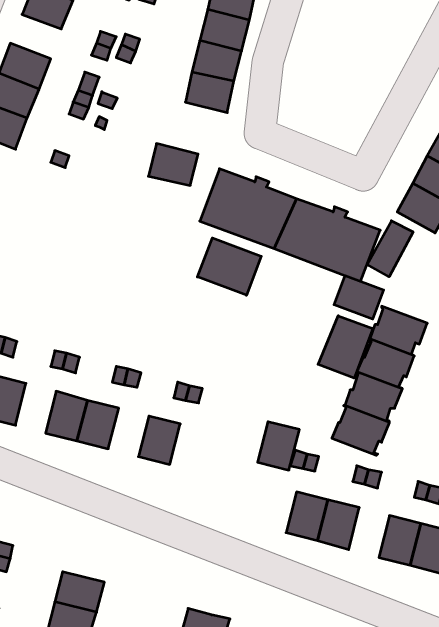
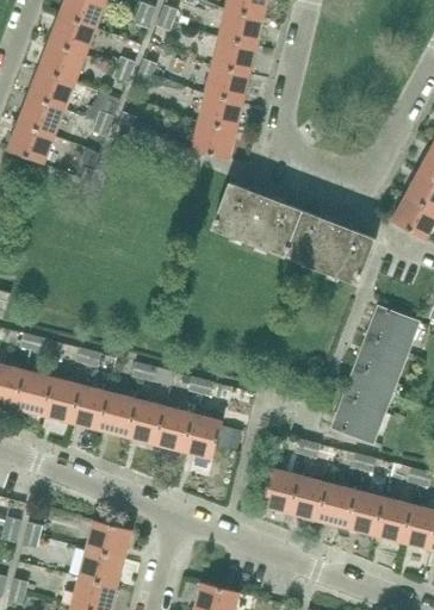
building: none -> [38,41,85,81]
building: [148,144,198,185] -> [191,120,236,158]
building: [367,221,413,277] -> none
building: [197,238,261,295] -> none
building: [334,276,384,319] -> none
building: [318,316,373,378] -> none
building: none -> [43,376,80,422]
building: none -> [128,399,165,443]
building: [258,422,299,470] -> [261,468,299,512]
building: none -> [184,413,222,458]
building: none -> [347,490,384,535]
building: none -> [86,519,131,558]

